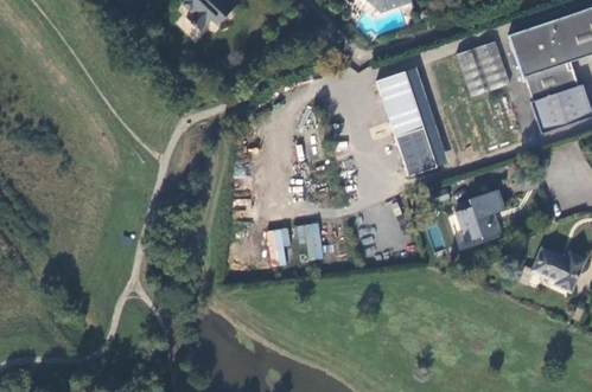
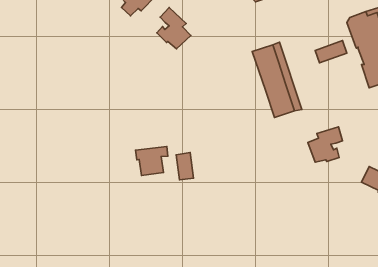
building: none -> [157,8,191,49]
building: [457,40,504,81] -> none
building: none -> [135,146,168,176]
building: [295,221,324,259] -> none

